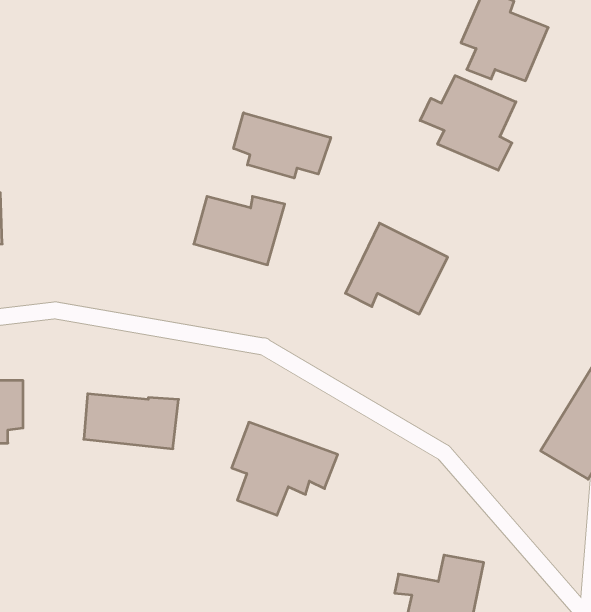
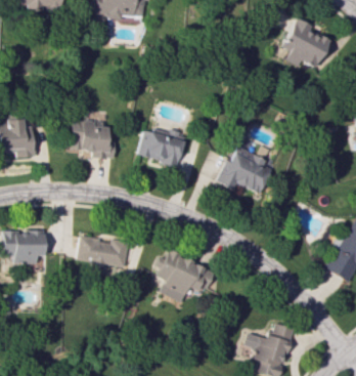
building: [420,76,516,170] -> none
building: [234,113,331,178] -> none
building: none -> [71,120,118,159]

